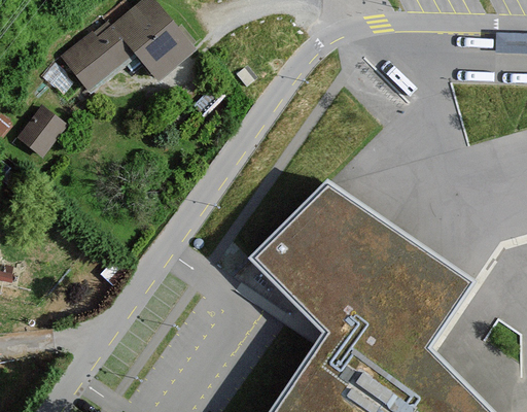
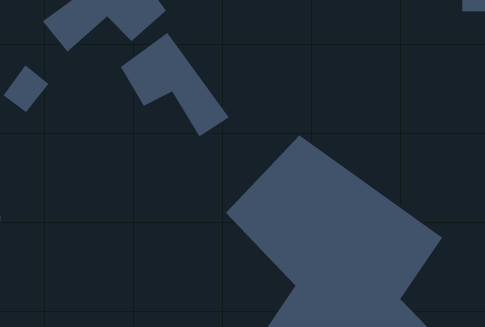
building: none -> [120,32,230,137]

